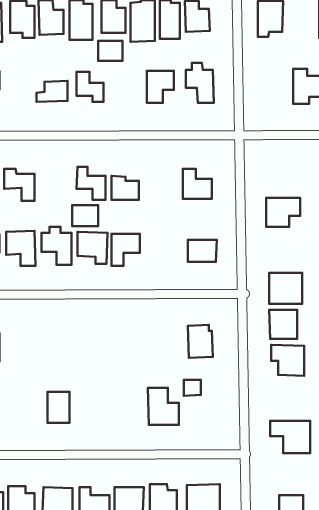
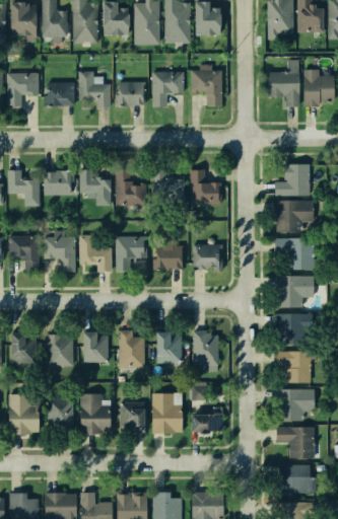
building: none -> [296,8,322,31]
building: [98,41,122,61] -> [120,82,144,102]
building: none -> [265,62,297,102]
building: none -> [9,74,40,107]
building: none -> [274,164,308,196]
building: none -> [156,175,185,200]
building: [72,205,98,226] -> [49,171,75,193]
building: none -> [155,234,184,271]
building: none -> [282,238,311,272]
building: none -> [122,330,144,366]
building: none -> [88,333,108,360]
building: none -> [52,335,74,365]
building: none -> [158,335,181,362]
building: none -> [14,336,38,361]
building: none -> [279,388,317,421]
building: none -> [83,391,115,431]
building: none -> [9,394,43,432]
building: none -> [124,410,149,434]
building: none -> [197,414,223,432]
building: none -> [281,465,315,495]

